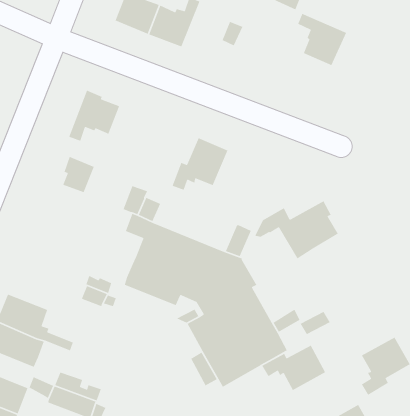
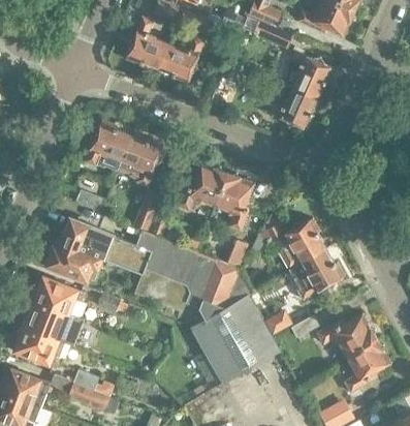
building: none -> [265,87,319,128]
building: none -> [121,133,162,185]
building: none -> [214,173,253,230]
building: none -> [46,216,151,285]
building: none -> [298,247,344,297]
building: none -> [31,276,85,316]
building: [261,345,326,391] -> [317,313,375,355]

